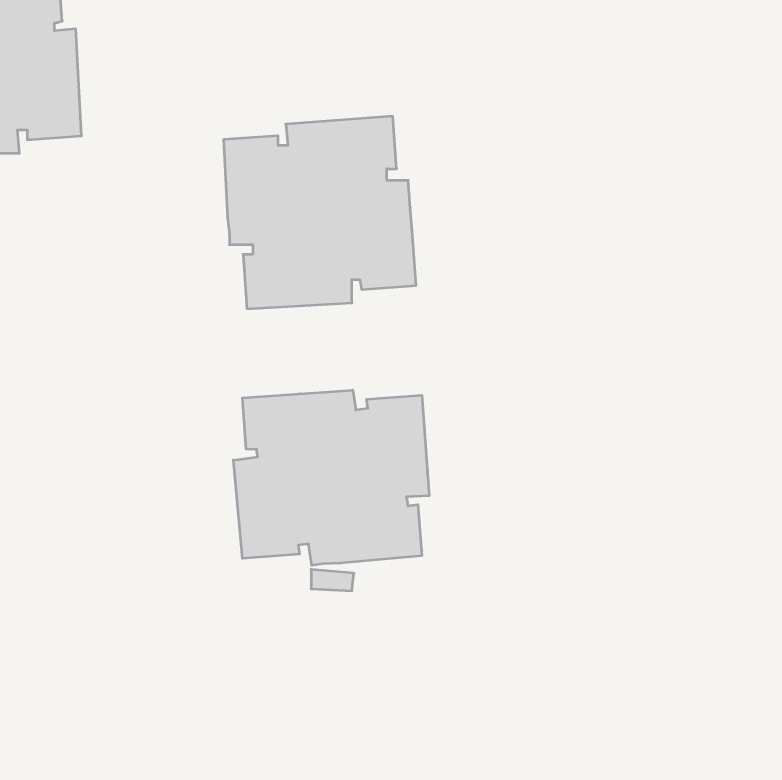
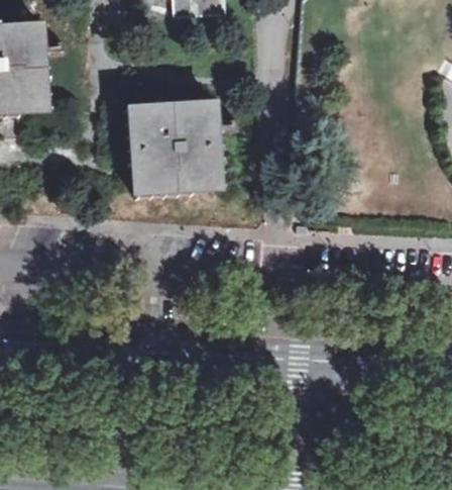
building: [233,390,429,565] -> none

